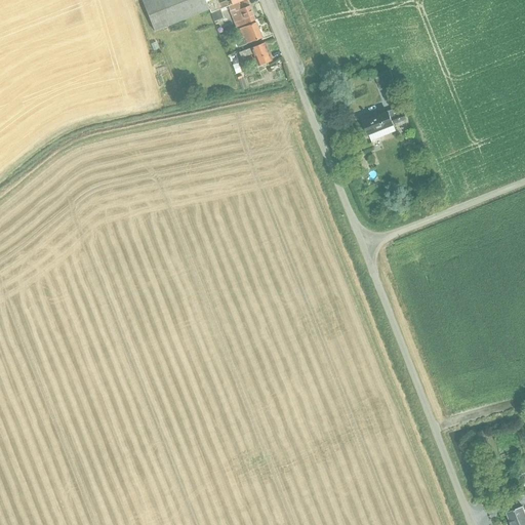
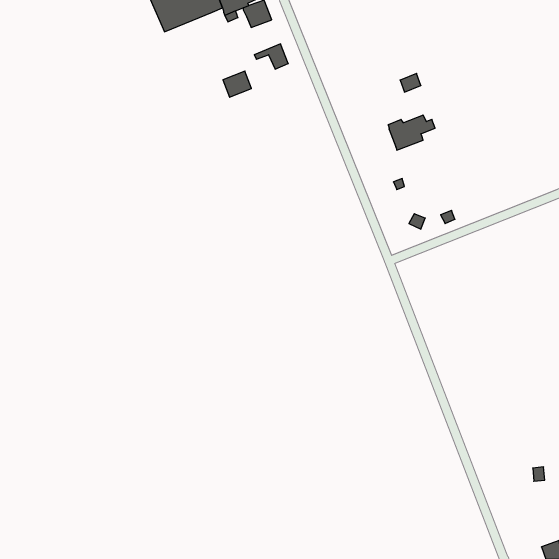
building: [236,21,262,45] -> [223,71,251,97]

